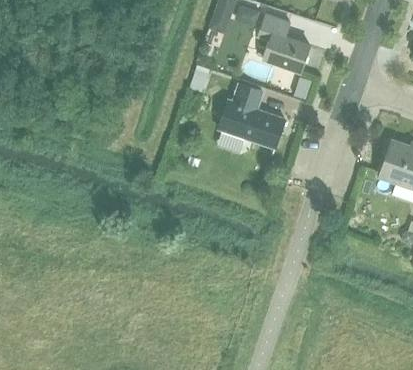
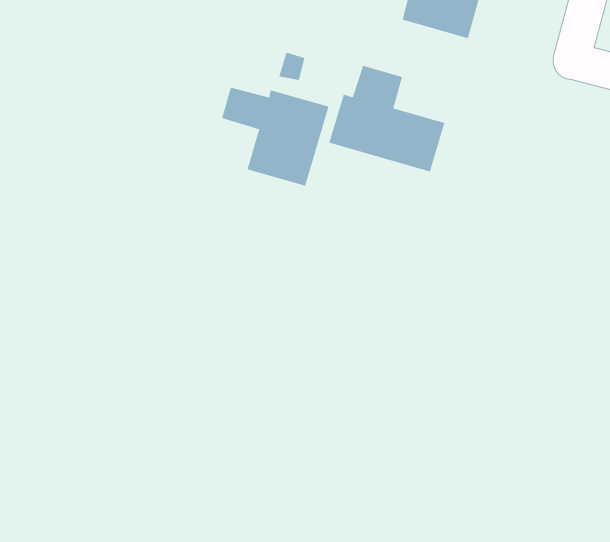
building: none -> [221,87,329,187]

